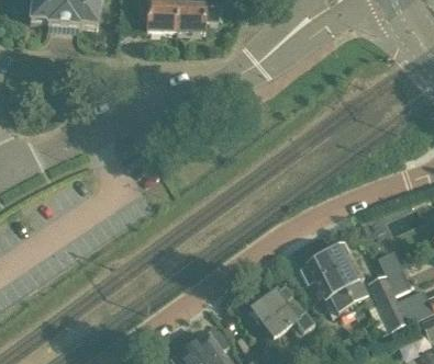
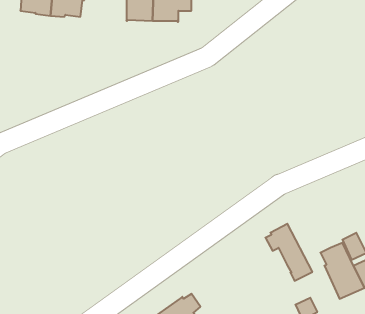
building: [323,242,370,305] -> none
building: [247,282,312,338] -> none

